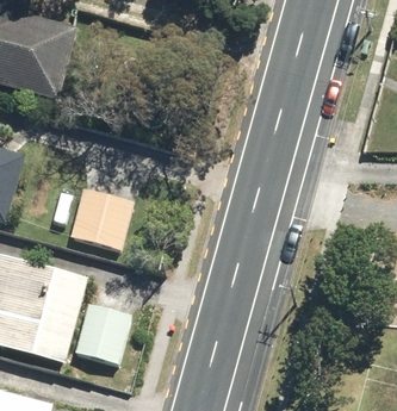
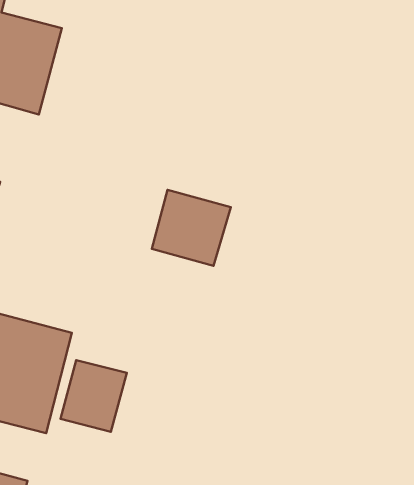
building: [69,185,135,248] -> [152,190,231,266]

